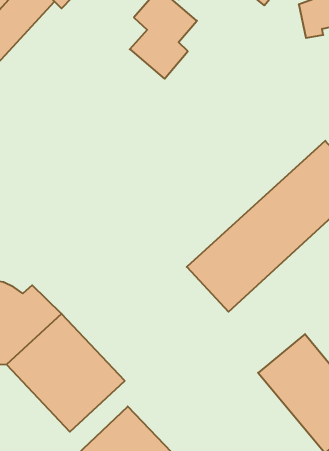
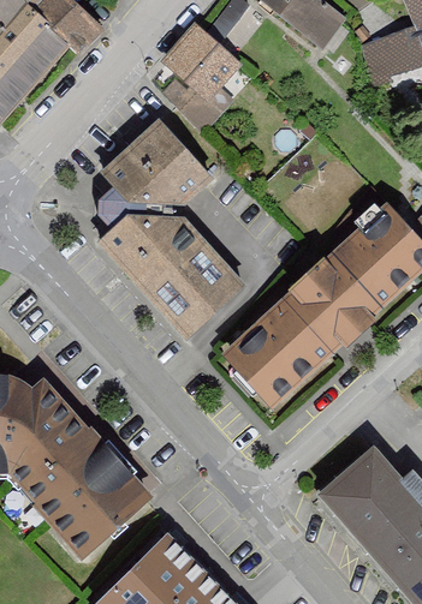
building: none -> [99,122,245,339]

